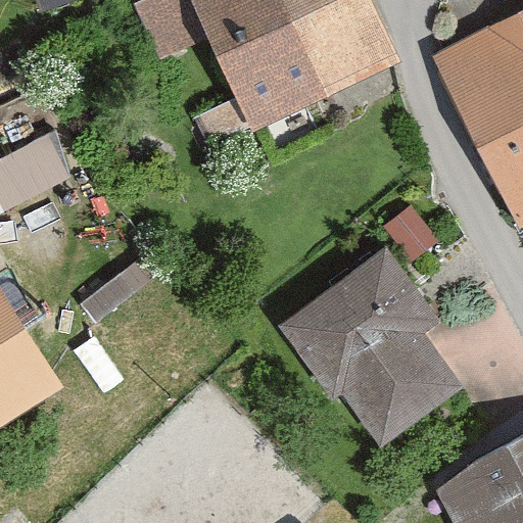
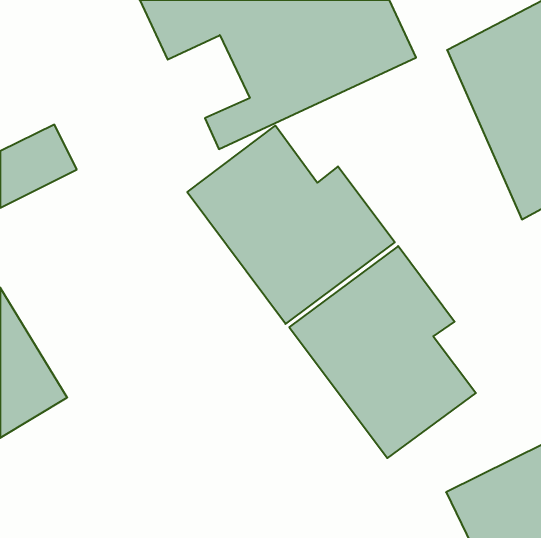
building: none -> [187,126,395,324]

